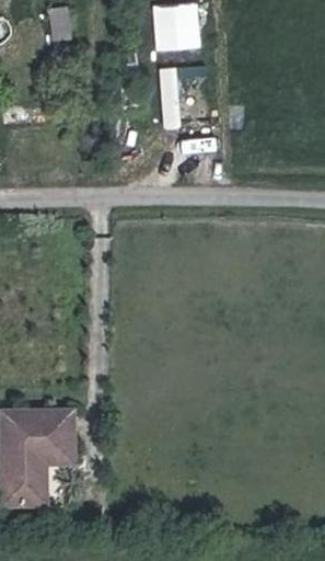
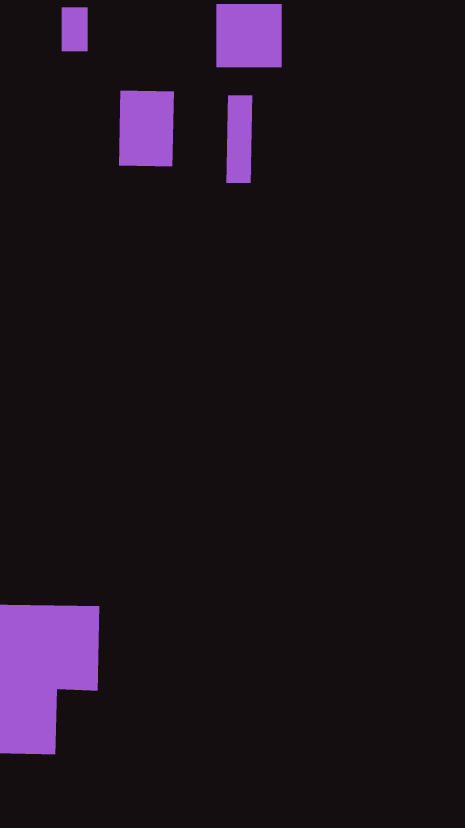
building: none -> [118,90,175,167]

